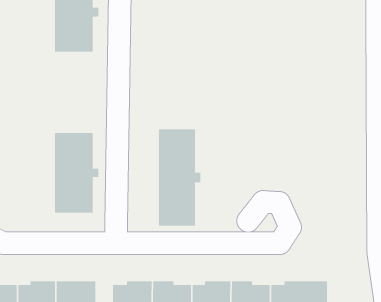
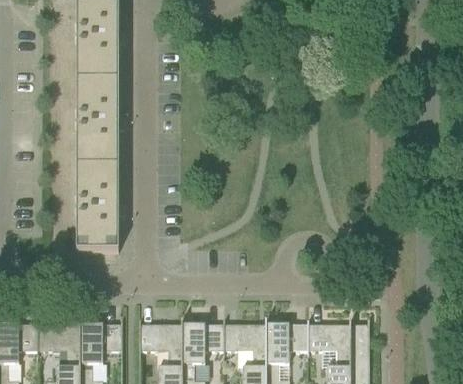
building: none -> [76,79,124,165]
building: [158,128,201,227] -> none

